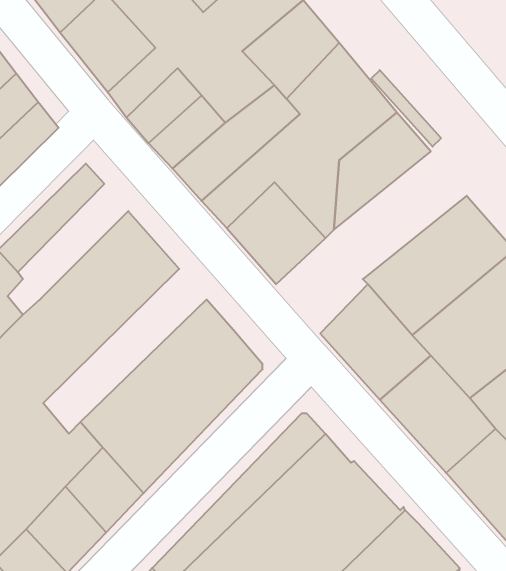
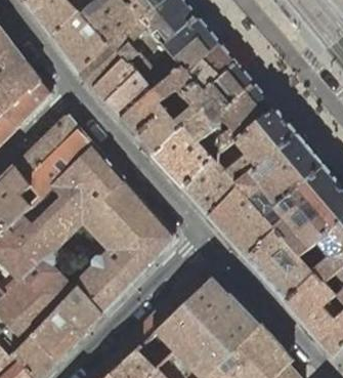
building: none -> [182,109,297,218]
building: none -> [27,128,93,198]
building: none -> [42,179,140,279]

